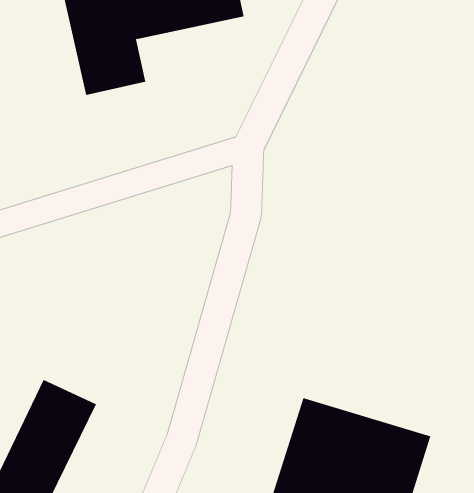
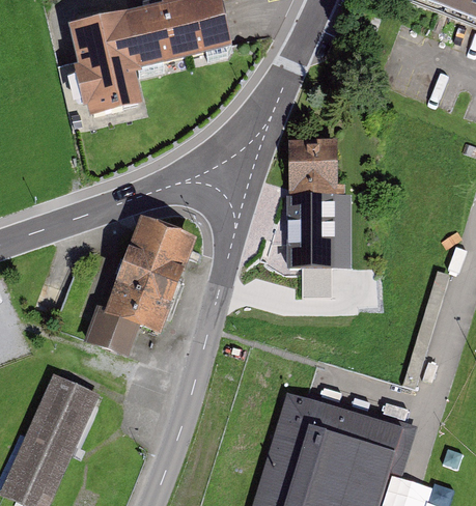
building: none -> [283,138,344,263]
building: none -> [84,217,199,356]

